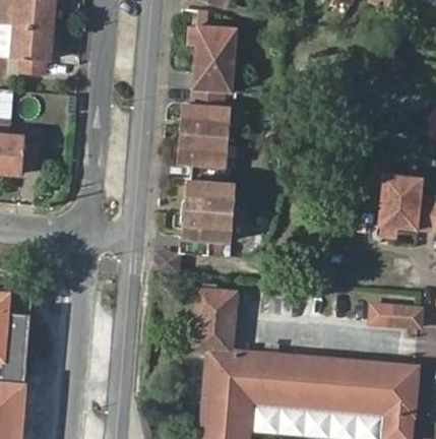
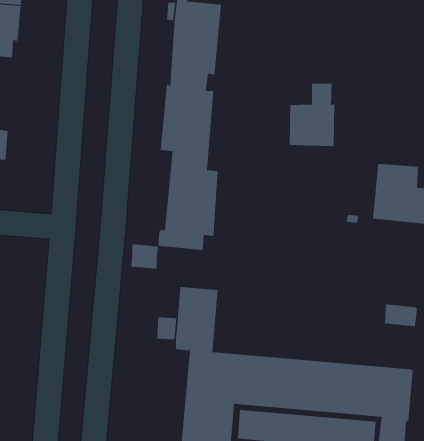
building: none -> [289,83,335,147]

